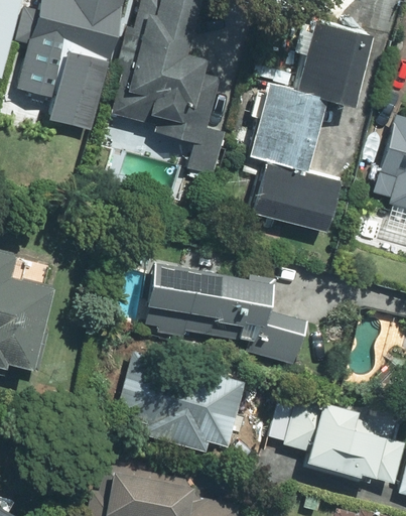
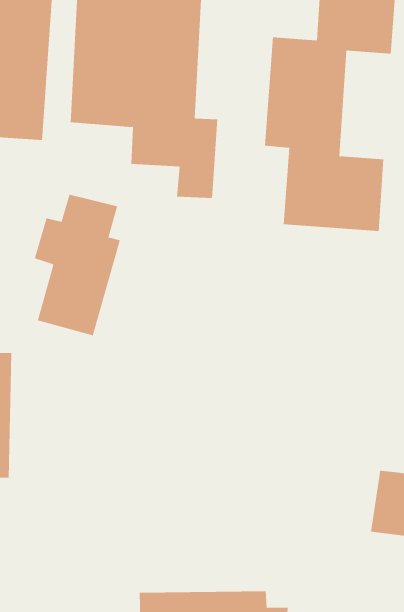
building: none -> [34,194,120,336]
building: [153,264,308,360] -> none
building: [117,354,245,453] -> none

